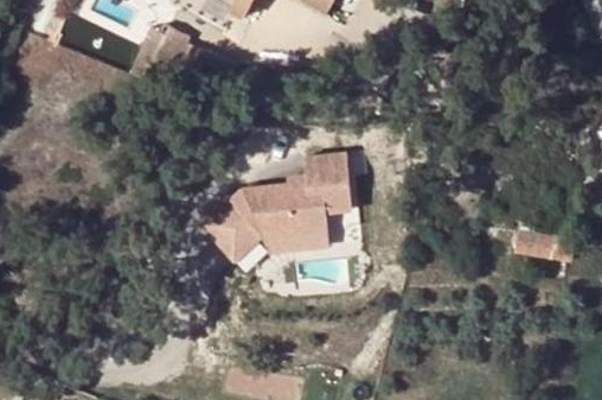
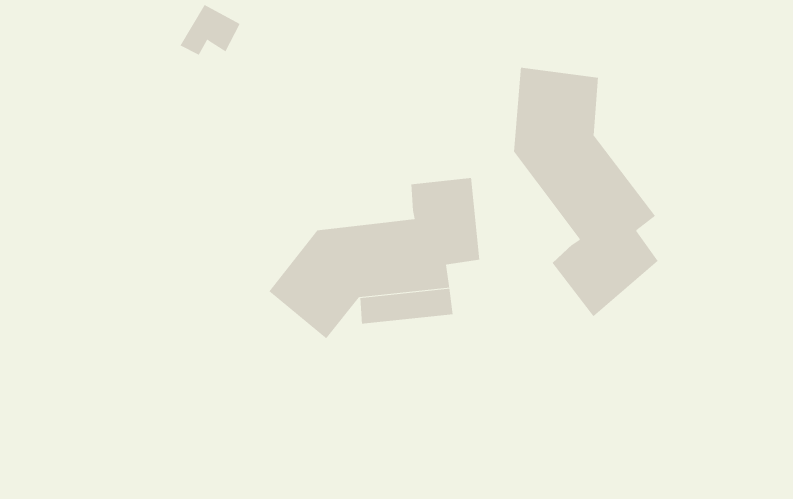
building: none -> [513,67,658,317]
building: [515,234,564,265] -> none

